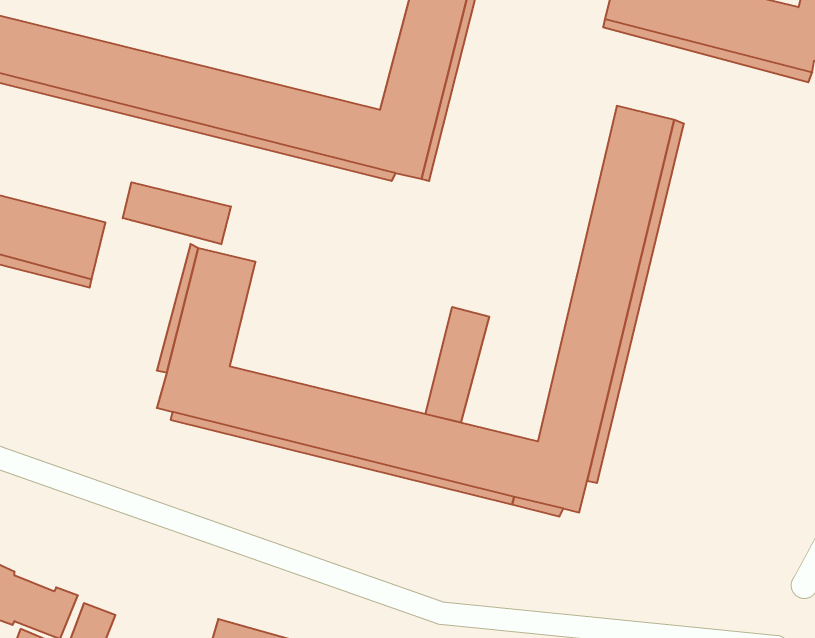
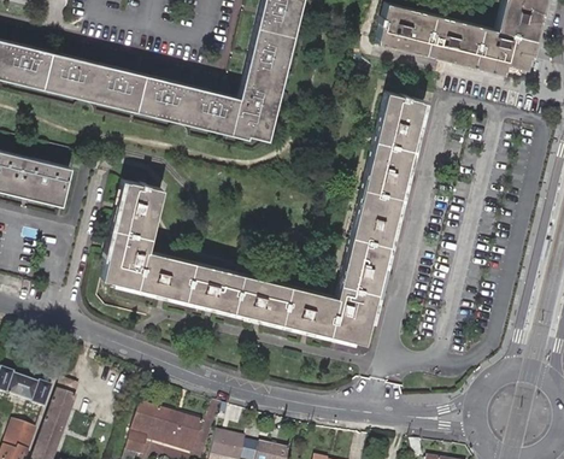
building: [123,182,231,244] -> none
building: [426,307,489,423] -> none

